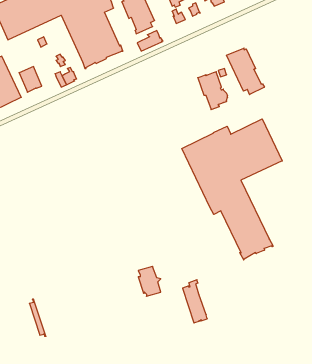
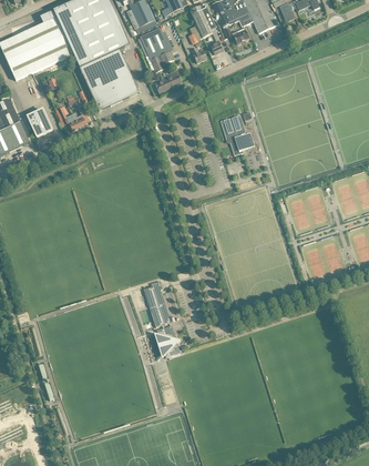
building: [226,48,264,95] -> none
building: [182,119,282,260] -> none
building: [183,280,207,323] -> [143,278,170,325]

